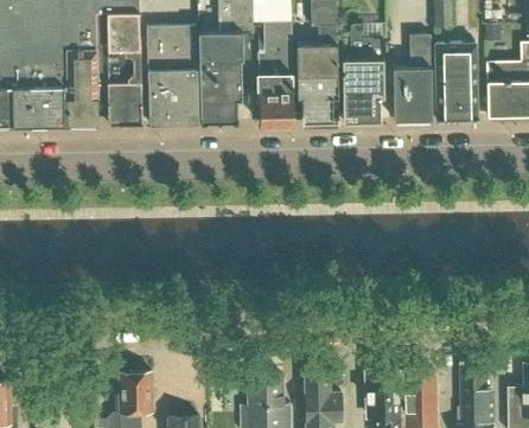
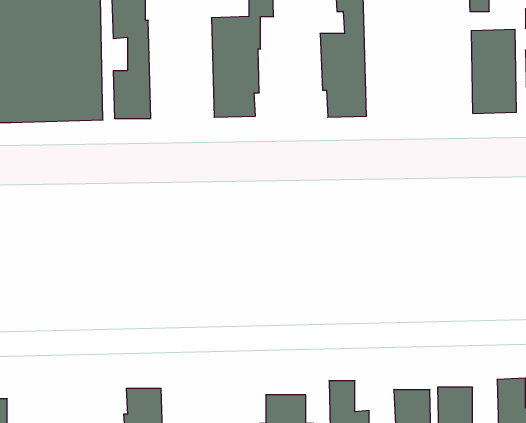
building: [257,23,294,124] -> none
building: [147,25,198,124] -> none
building: [344,25,389,122] -> none
building: [394,34,433,120] -> none

